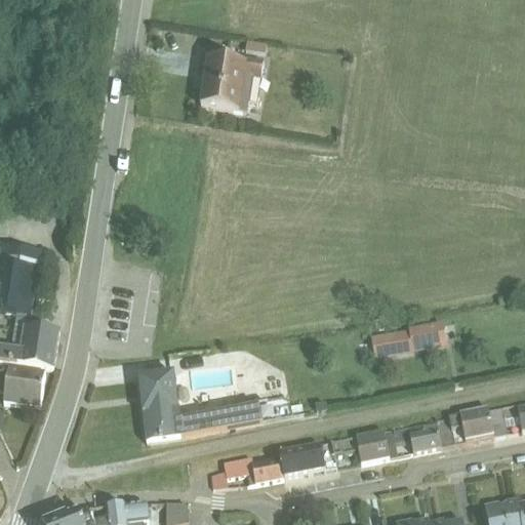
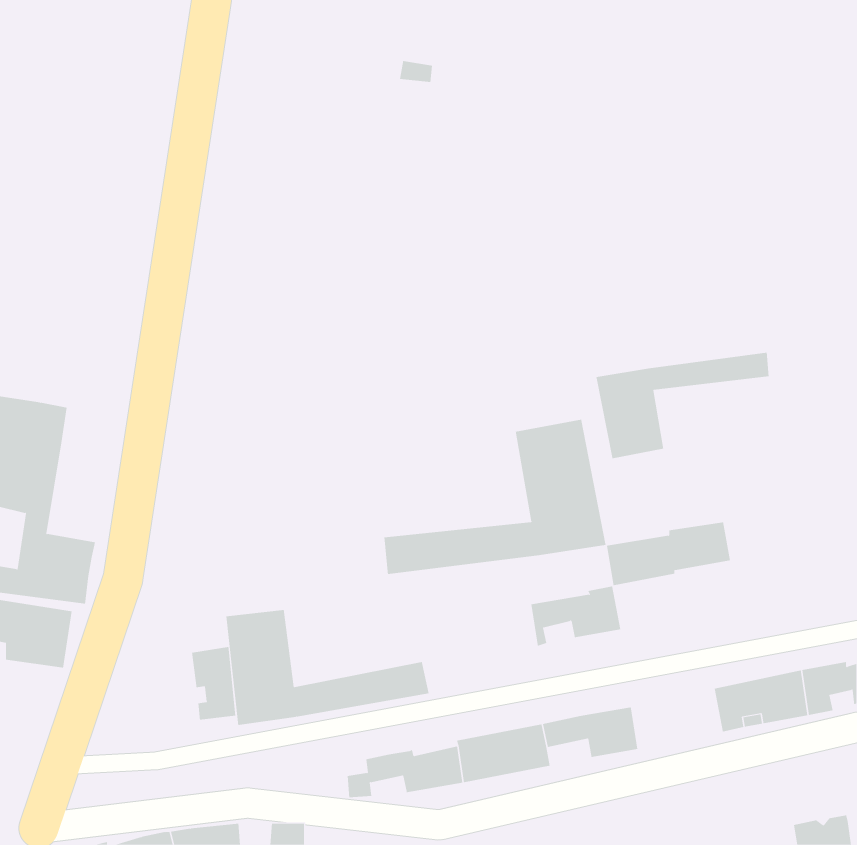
building: [197,49,262,111] -> none
building: none -> [596,352,769,459]
building: none -> [384,419,606,575]
building: none -> [192,646,236,720]
building: [385,419,440,456] -> [530,586,621,646]

